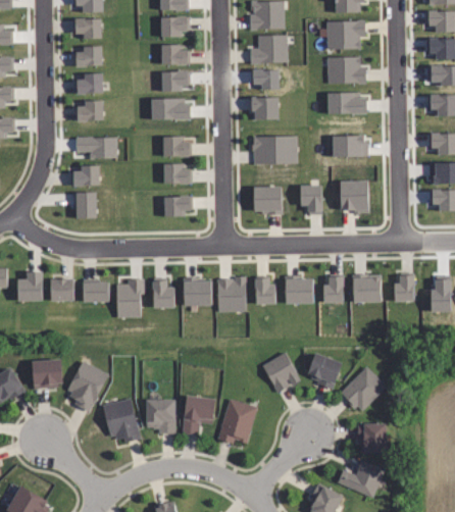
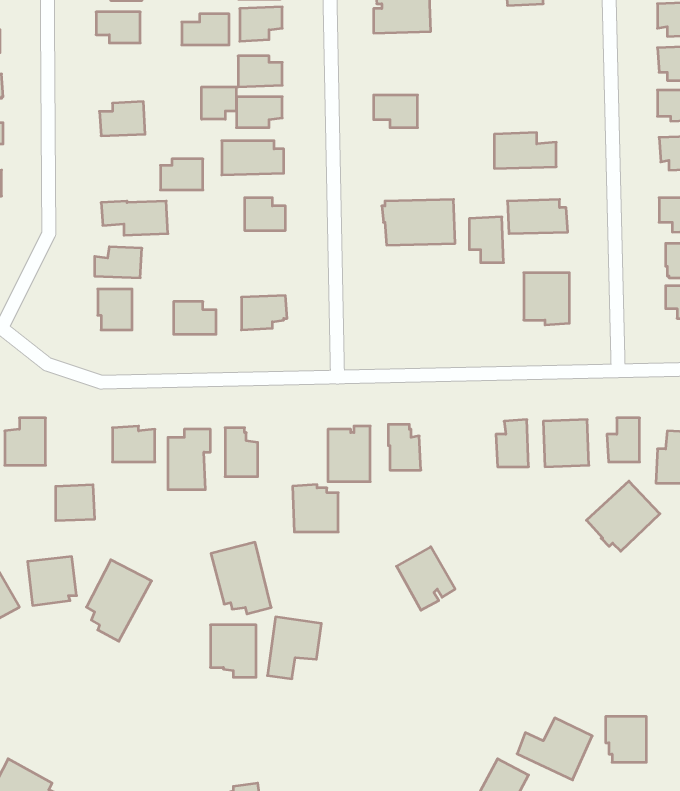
building: [324,21,363,51] -> none
building: [248,36,286,64] -> none
building: [73,46,103,65] -> [182,14,229,45]
building: [323,57,365,86] -> none
building: none -> [202,87,236,119]
building: [253,97,279,119] -> none
building: [77,100,103,119] -> [160,159,203,190]
building: [166,162,193,183] -> [174,302,216,334]
building: [301,186,322,214] -> [469,217,504,263]
building: [254,187,283,215] -> none
building: [286,275,314,304] -> none
building: [183,277,211,307] -> [293,485,338,532]
building: [52,278,77,301] -> [56,485,95,521]
building: [305,354,339,390] -> none
building: [339,367,385,411] -> [586,481,660,551]
building: [104,398,142,443] -> [211,542,271,614]
building: [218,400,257,444] -> none
building: [359,423,385,452] -> [606,717,646,762]

